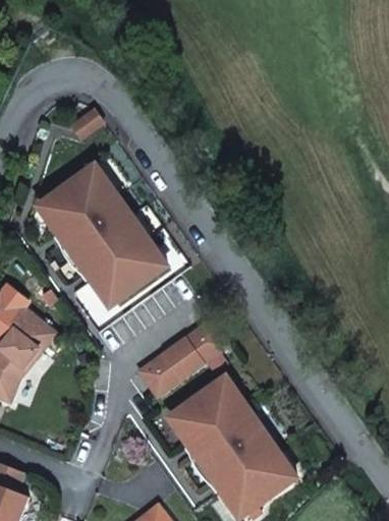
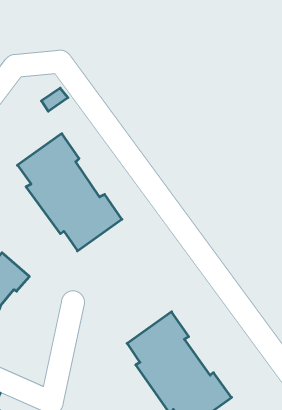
building: [138,322,226,396] -> none

